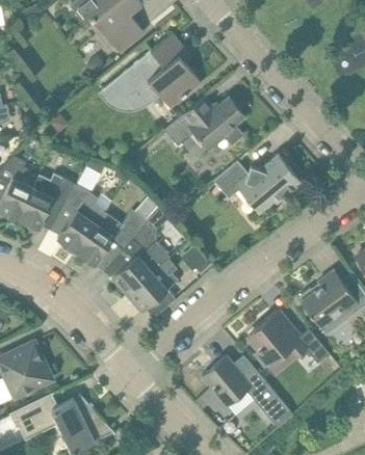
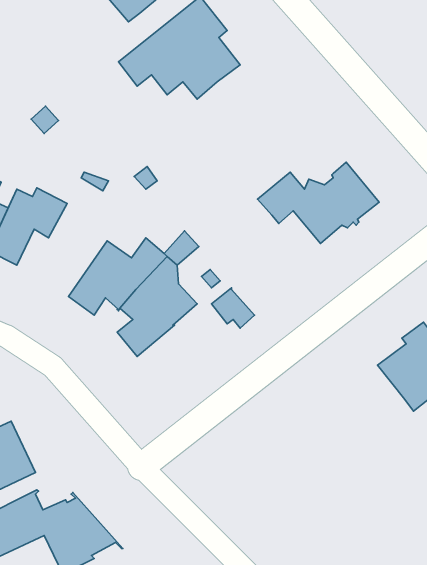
building: [163,97,244,148] -> none
building: [57,184,104,252] -> none
building: [126,272,179,313] -> none
building: [249,313,329,374] -> none
building: [202,355,293,428] -> none

